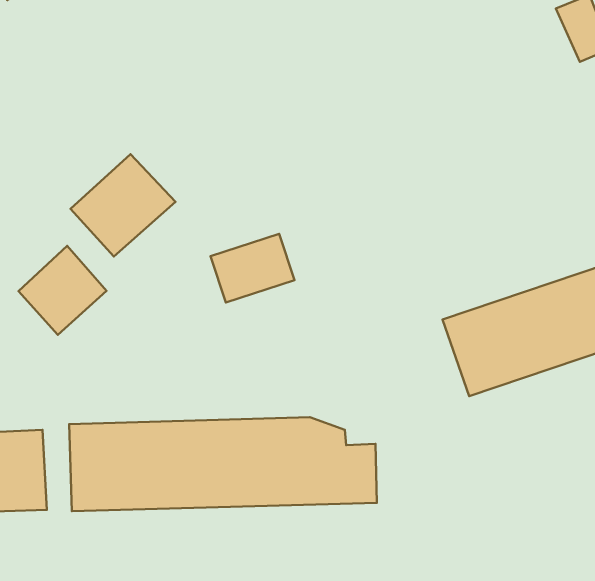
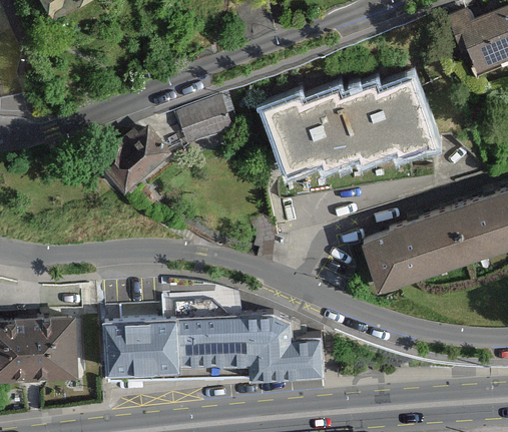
building: none -> [260,70,447,174]
building: [210,234,294,303] -> [174,95,234,144]
building: [19,246,106,335] -> none

